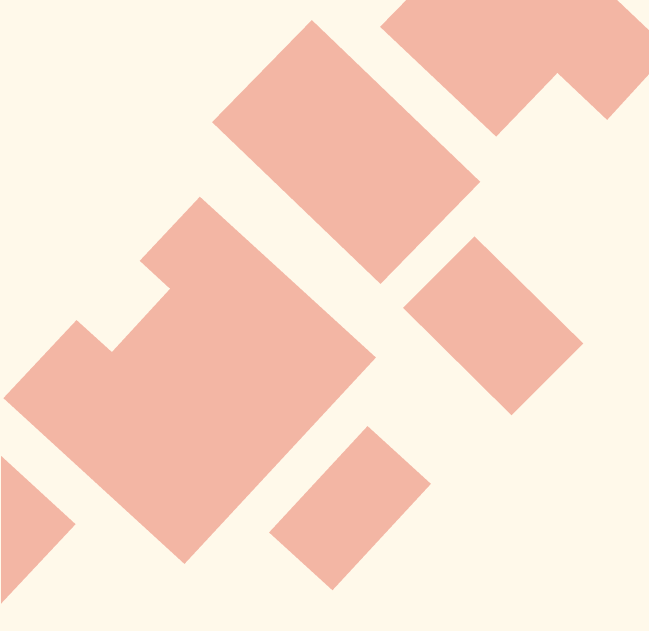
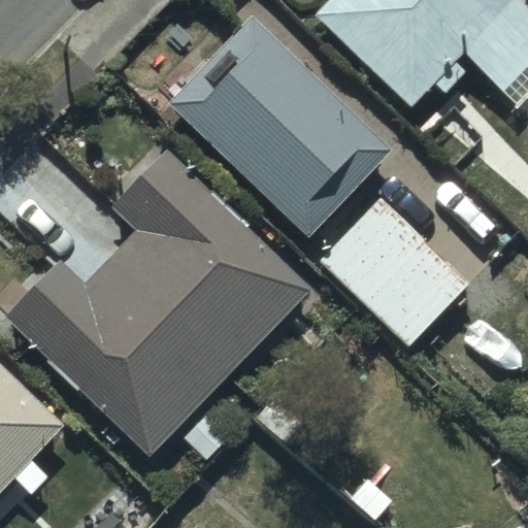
building: [268,425,432,591] -> none

